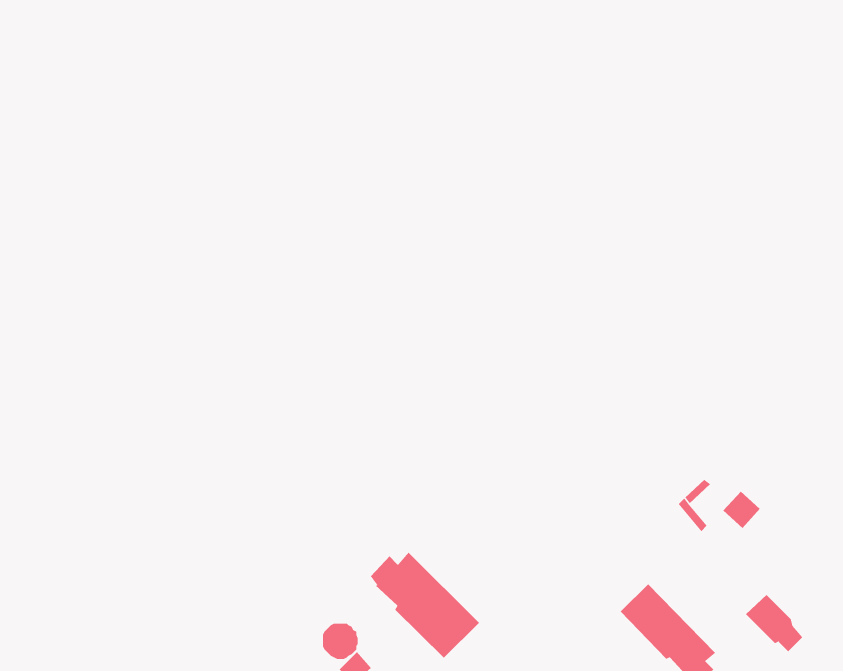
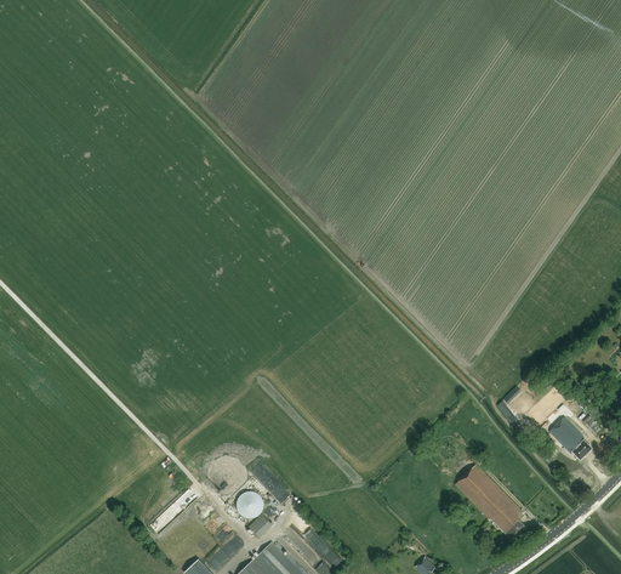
building: [370,552,480,658] -> none
building: [745,594,803,652] -> [549,417,592,460]

